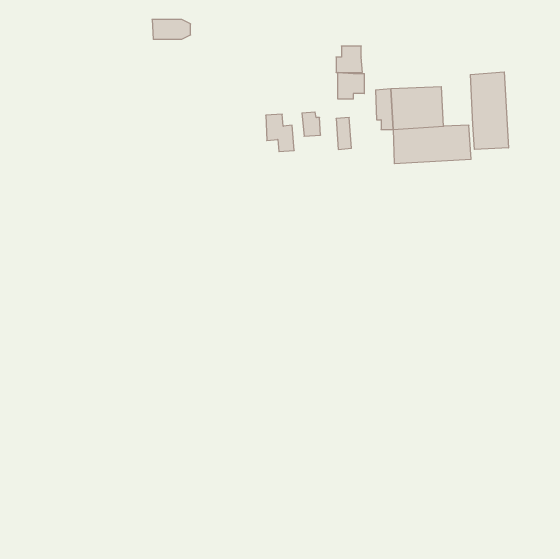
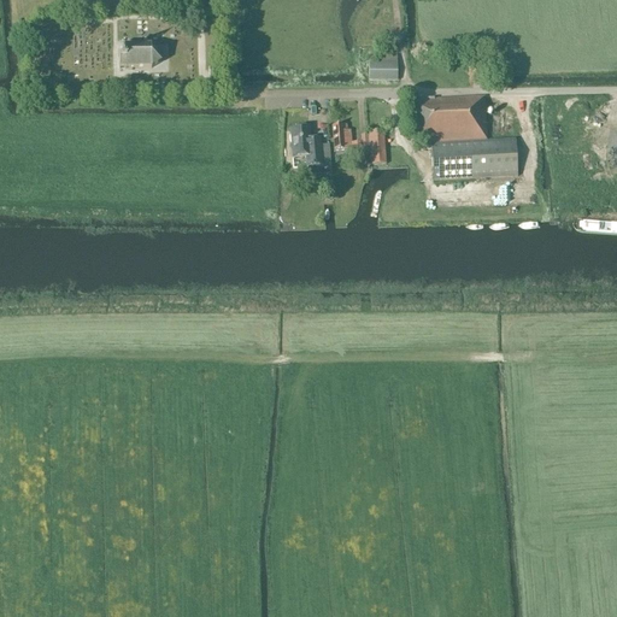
building: [152,19,191,39] -> [119,45,161,66]
building: [470,72,508,149] -> none
building: [338,72,364,99] -> none

